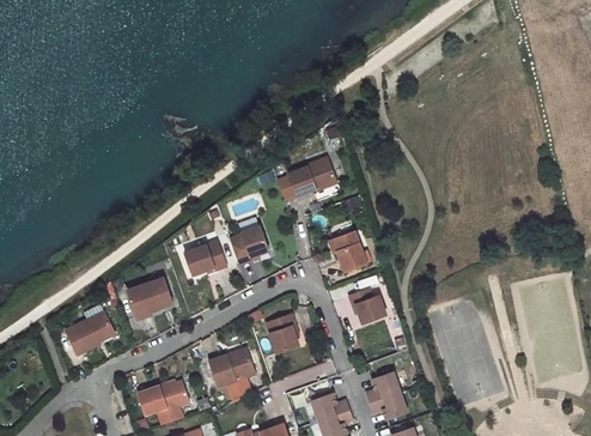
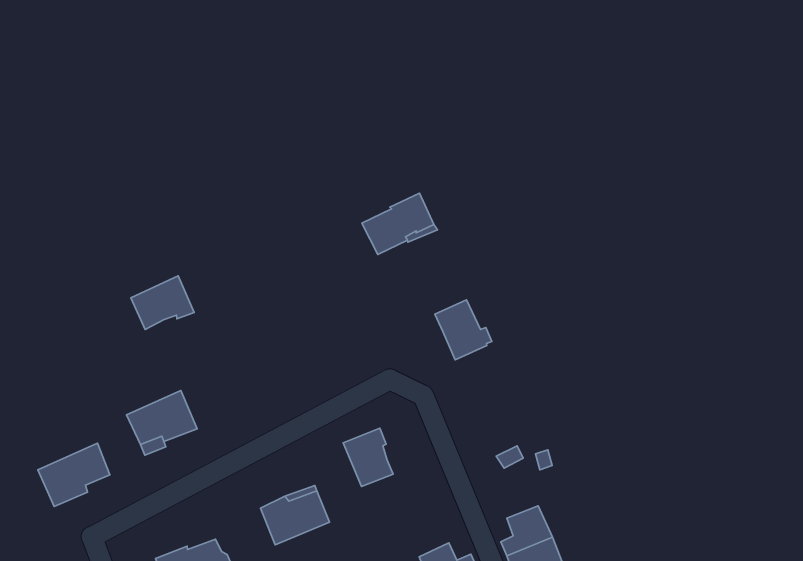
building: [225,230,264,268] -> none
building: [181,244,223,279] -> [131,276,194,329]
building: [347,287,385,322] -> none

